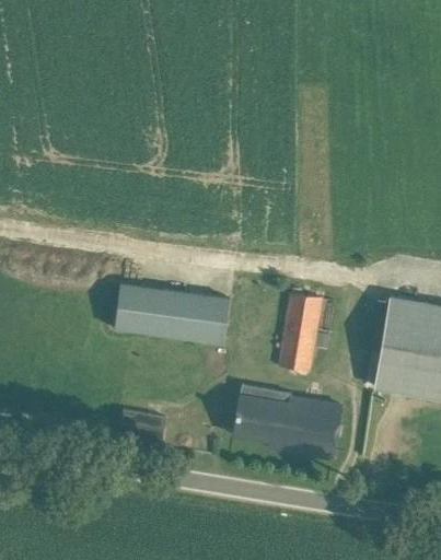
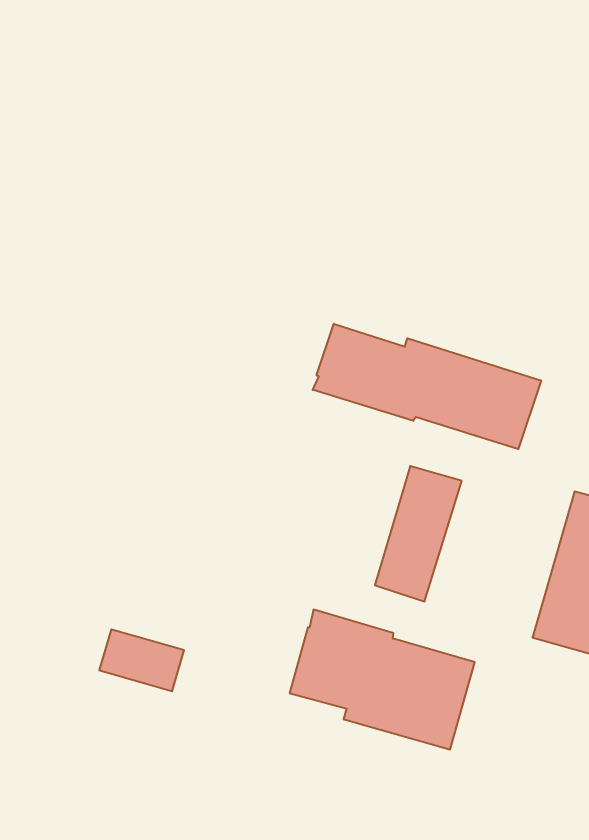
building: none -> [313,324,541,449]
building: [115,283,229,345] -> none

